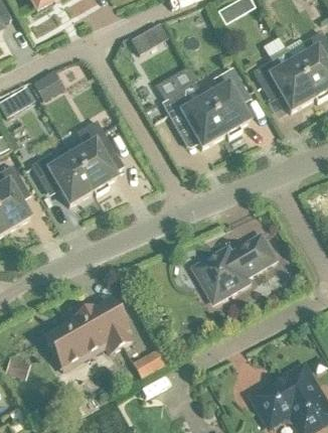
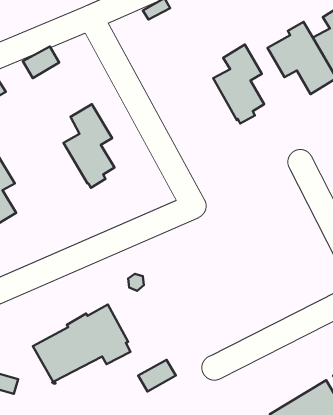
building: [161,80,224,147] -> none
building: [30,152,92,204] -> none
building: [195,236,275,301] -> none

